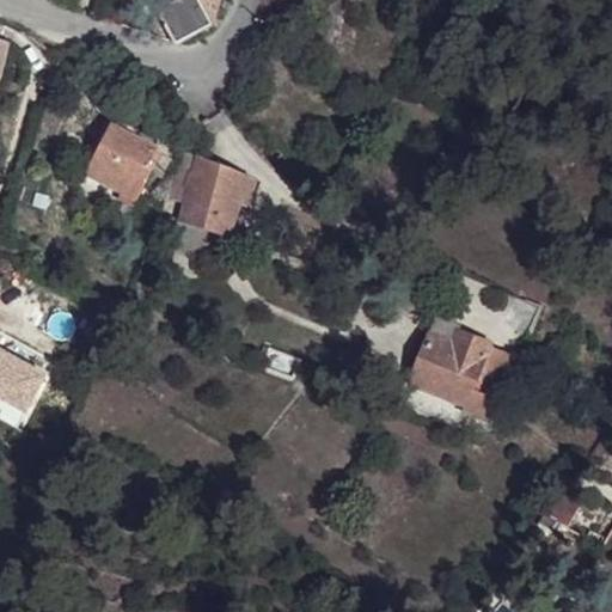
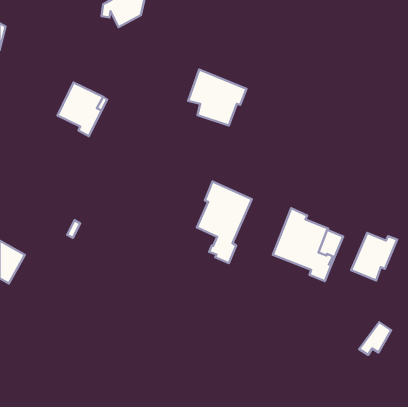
building: [165,148,252,232] -> [188,69,246,126]
building: none -> [197,181,252,263]
building: none -> [351,233,397,281]

